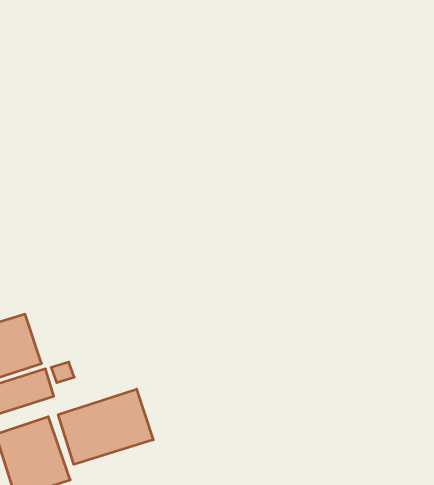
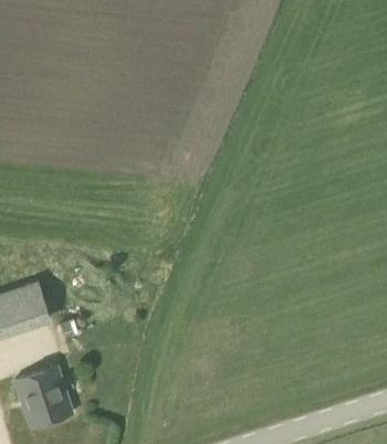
building: [58,389,153,464] -> none

